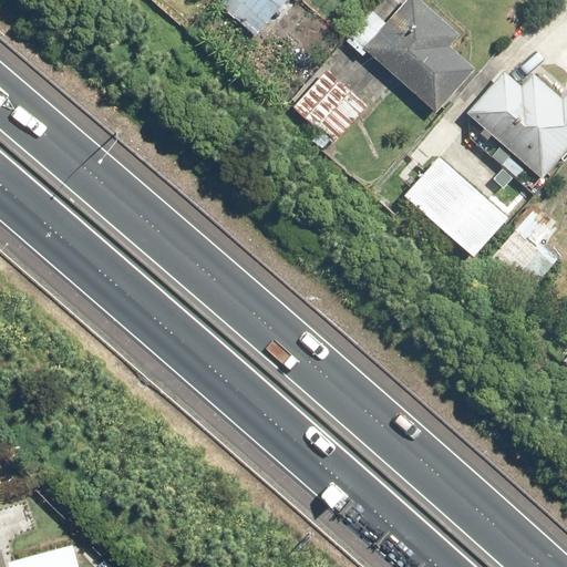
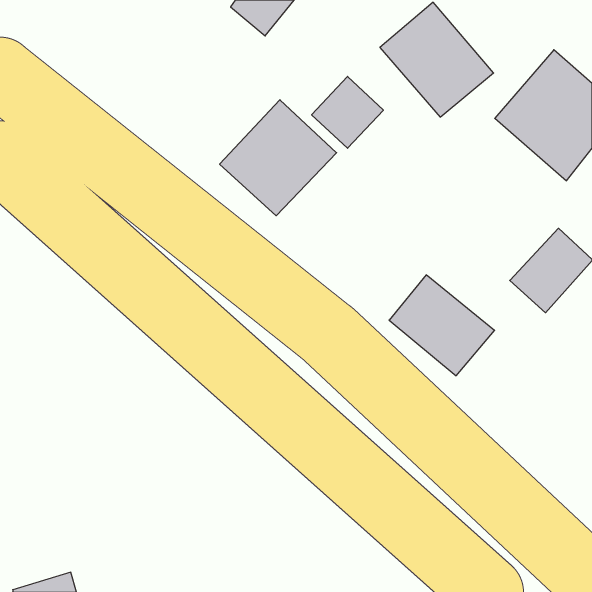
building: none -> [220,100,337,216]
building: [404,156,505,252] -> [389,275,495,376]

